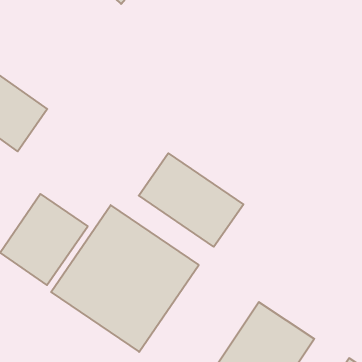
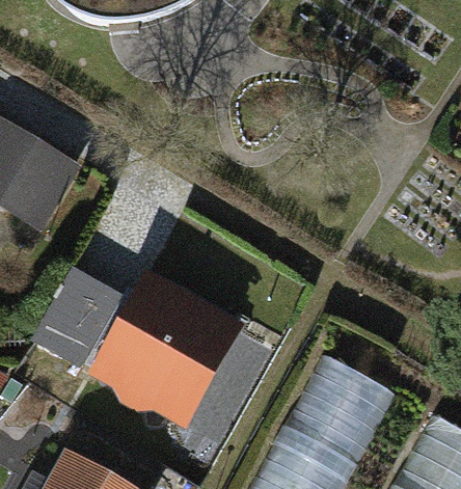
building: [139,153,243,247] -> none

